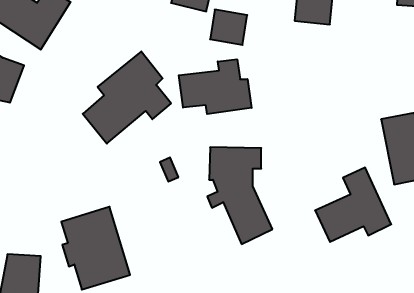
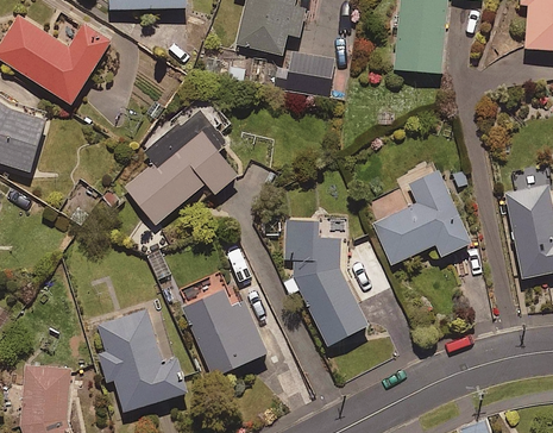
building: [179,59,252,114] -> none
building: [315,168,391,242] -> [373,170,471,265]
building: none -> [187,296,270,382]

